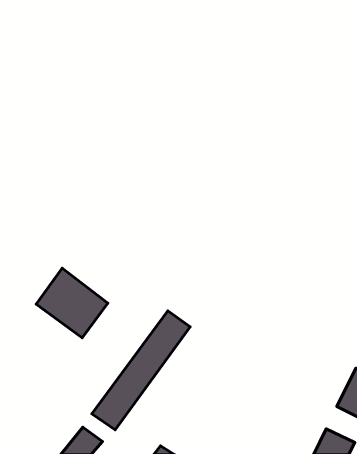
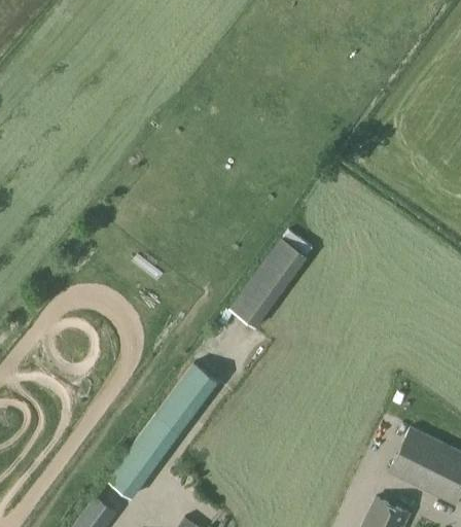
building: none -> [230,236,307,325]
building: [36,268,108,338] -> none

